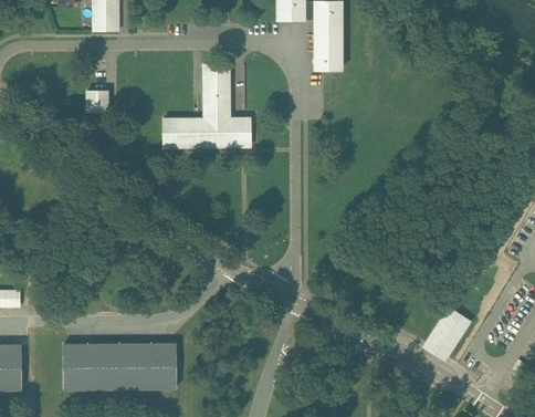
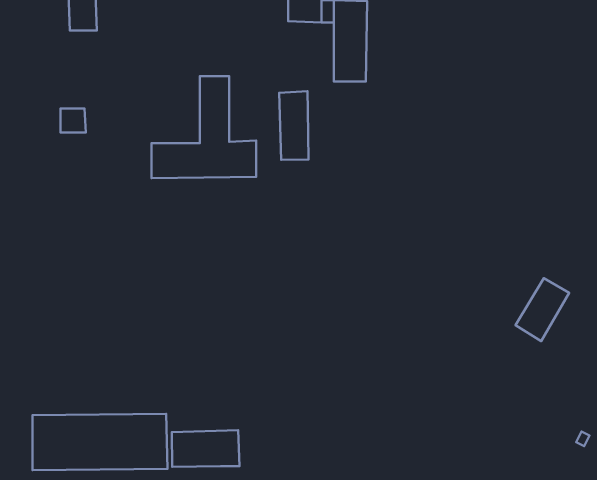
building: none -> [279,91,308,160]
building: [424,310,469,362] -> [516,278,569,341]
building: none -> [172,430,239,467]

